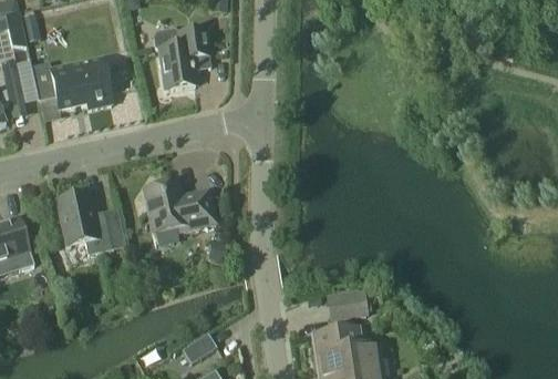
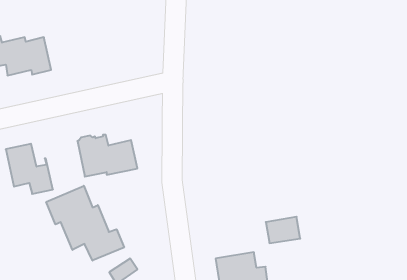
building: [153,27,210,88] -> none
building: none -> [46,186,124,261]
building: [326,287,368,319] -> [266,217,300,243]

